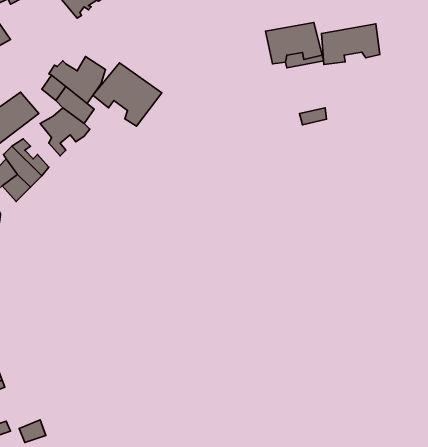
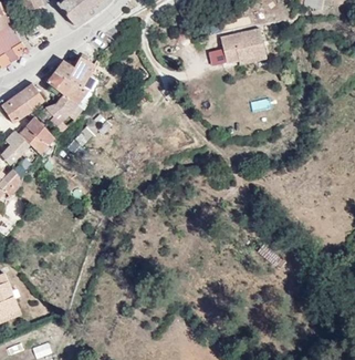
building: [322,24,380,65] -> none
building: [93,63,162,126] -> none

